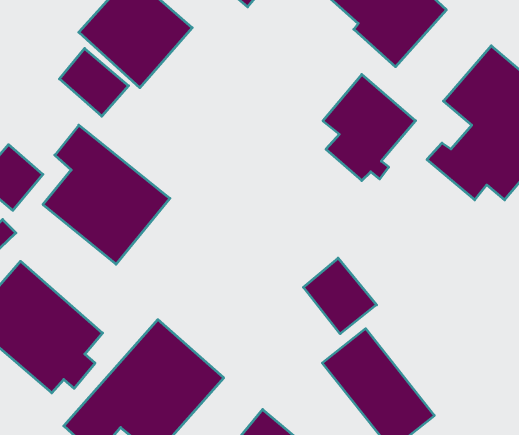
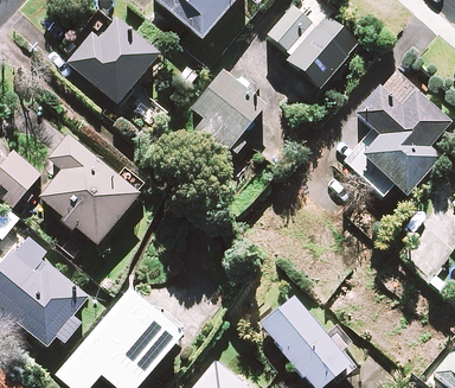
building: [59,48,129,116] -> none
building: [323,74,416,181] -> [191,70,264,154]
building: [303,258,377,334] -> none

